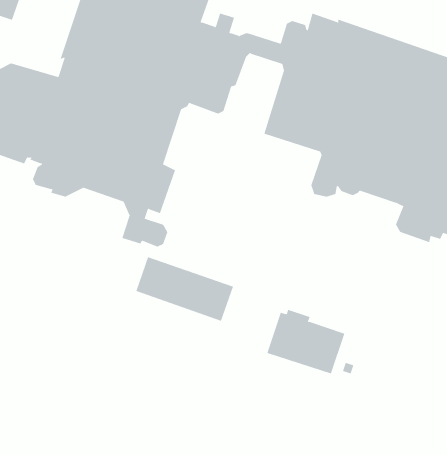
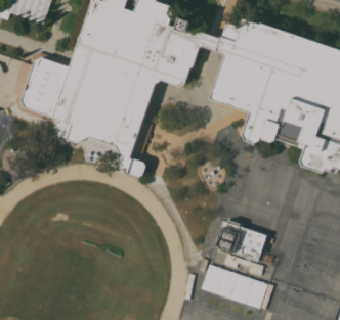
building: [135,256,234,321] -> [201,265,267,309]

